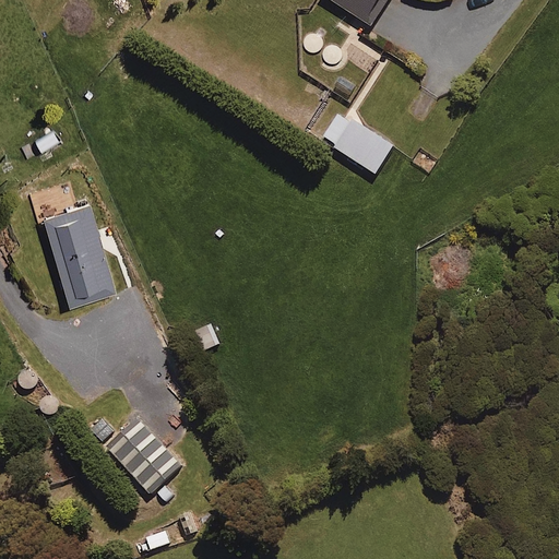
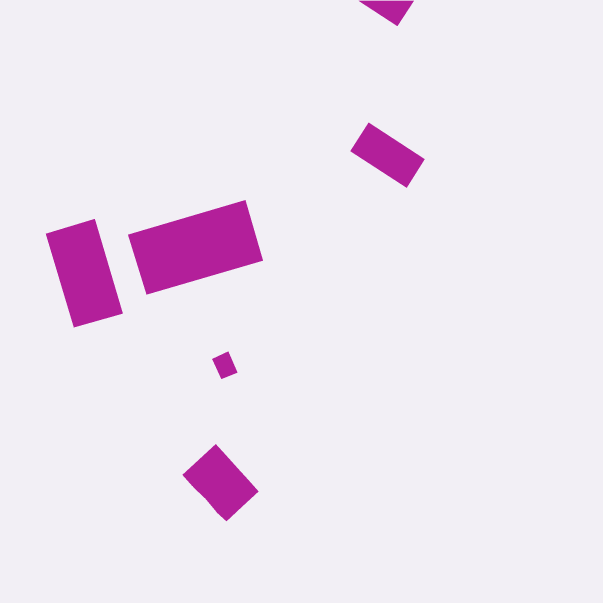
building: none -> [127,199,264,296]
building: [111,423,183,496] -> [182,443,259,522]

